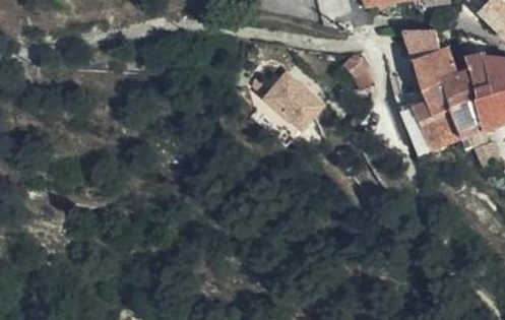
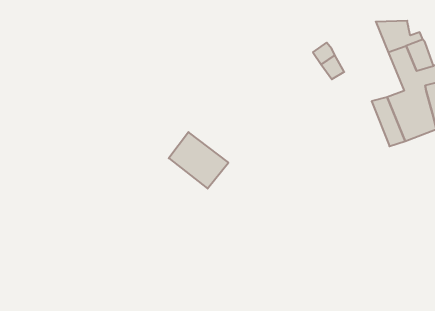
building: [270,79,328,134] -> [169,132,228,189]

